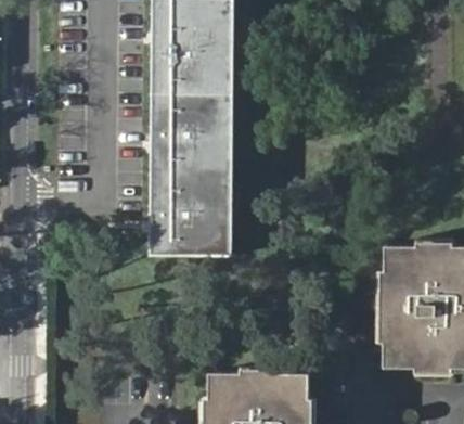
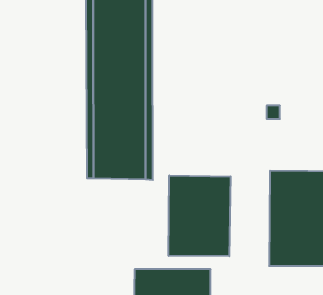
building: none -> [169,175,231,256]

